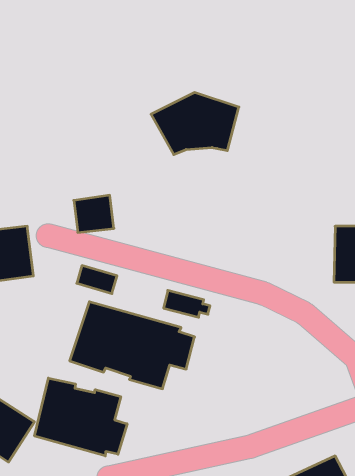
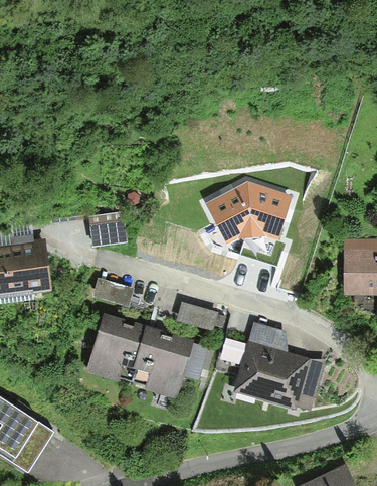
building: [151,93,239,155] -> [205,182,291,242]
building: none -> [234,321,326,410]
building: [35,378,127,456] -> none

